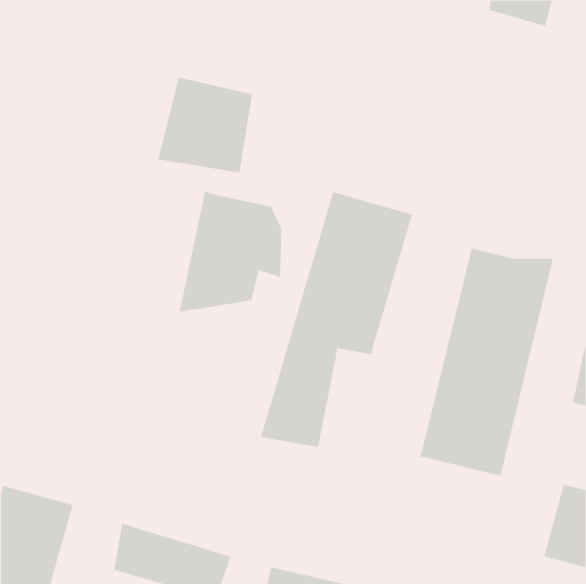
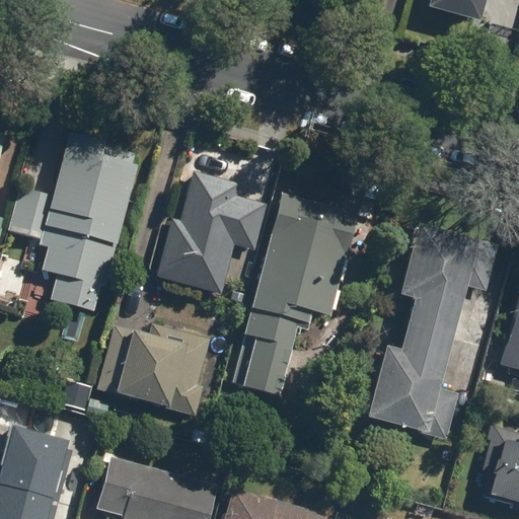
building: [158,77,253,173] -> [49,147,133,232]
building: none -> [39,238,108,306]
building: none -> [114,323,209,412]

